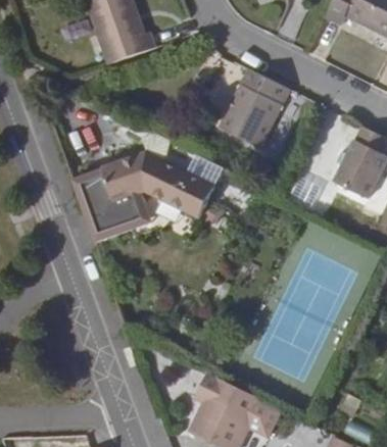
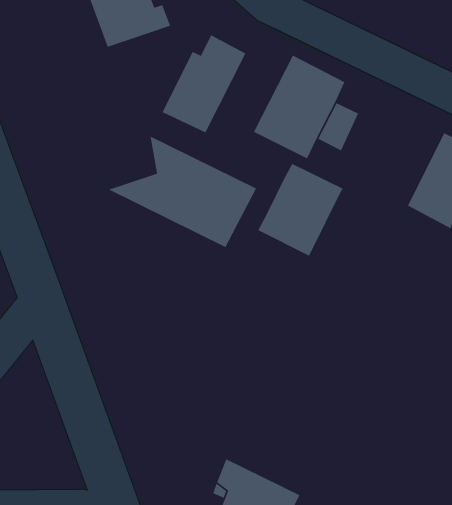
building: none -> [162,34,247,133]
building: none -> [257,163,344,257]
building: [70,169,199,244] -> none

